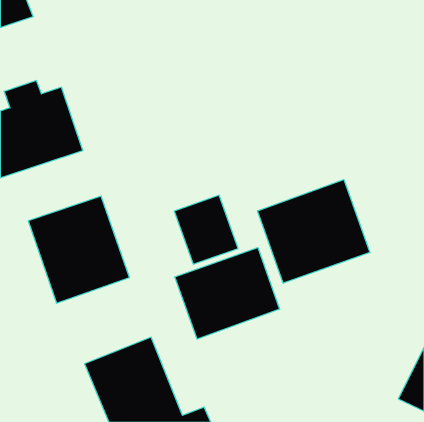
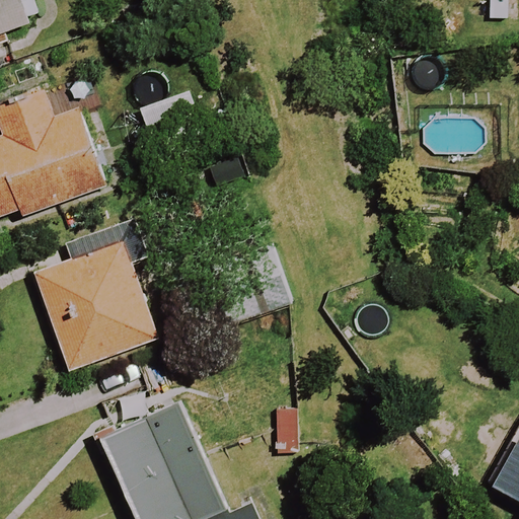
building: [258,180,370,283] -> none
building: [175,248,280,339] -> none

